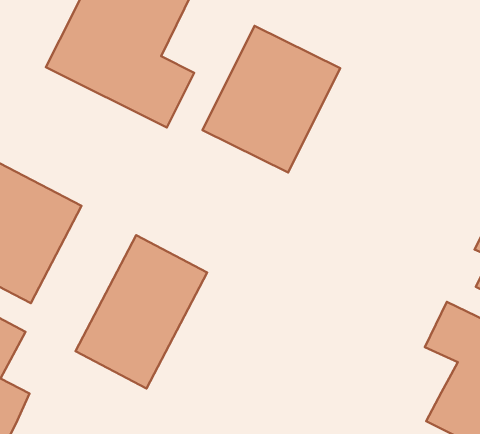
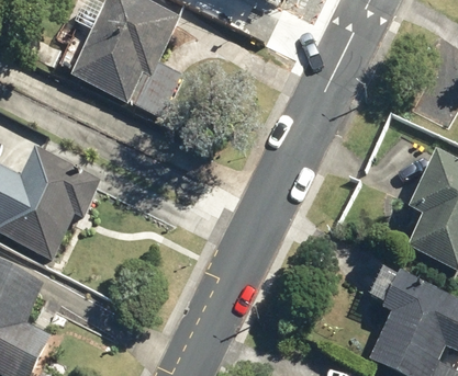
building: [203,26,340,172] -> none
building: [75,235,207,388] -> none

